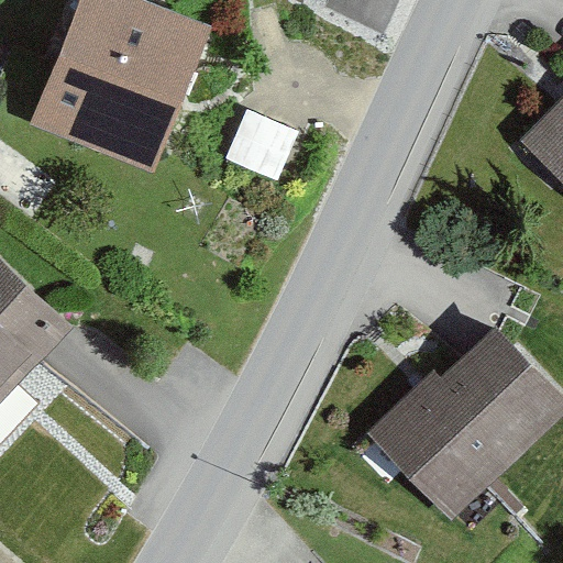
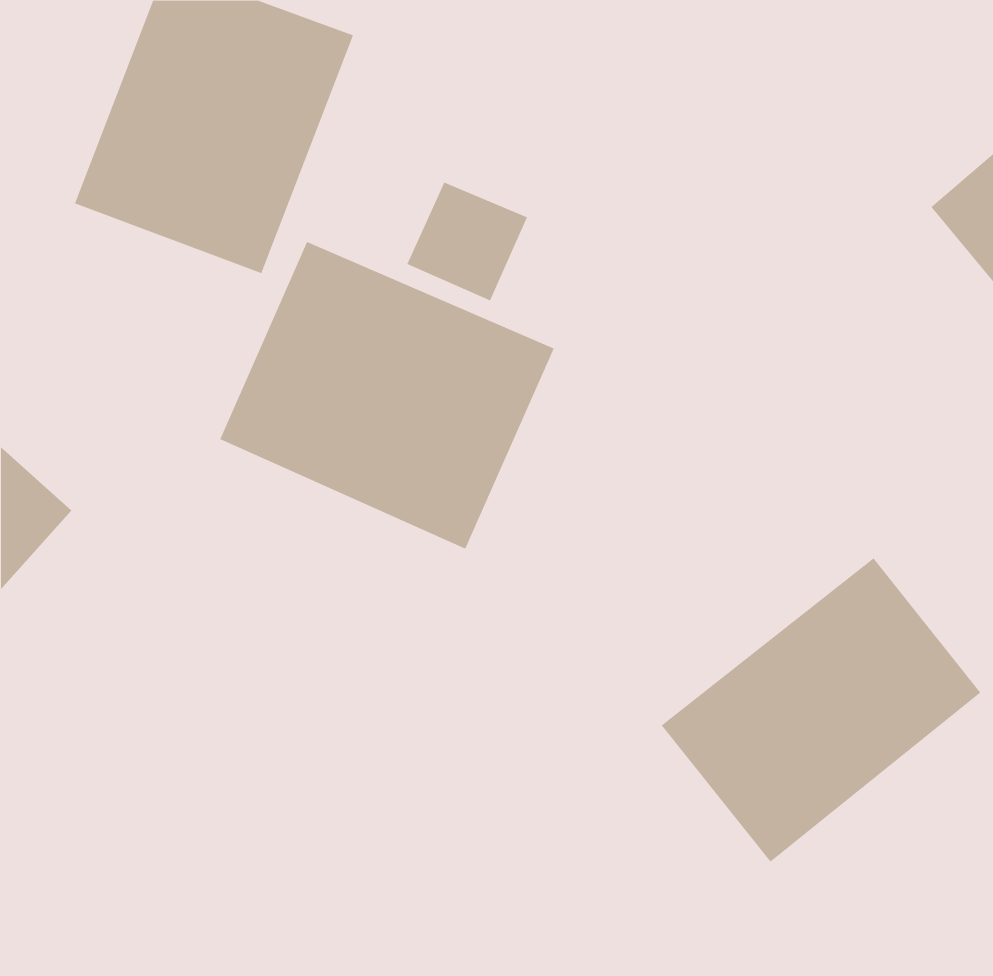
building: none -> [219,241,554,550]

